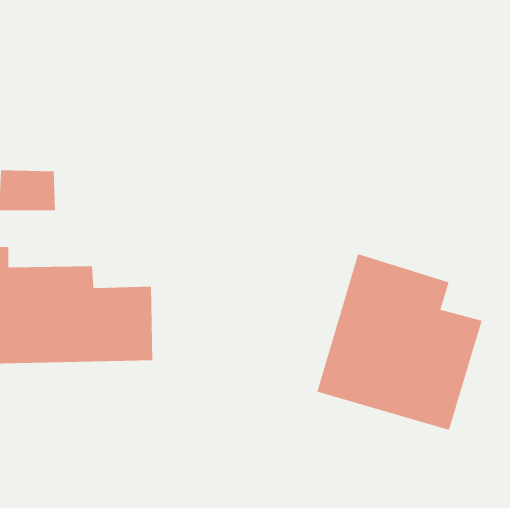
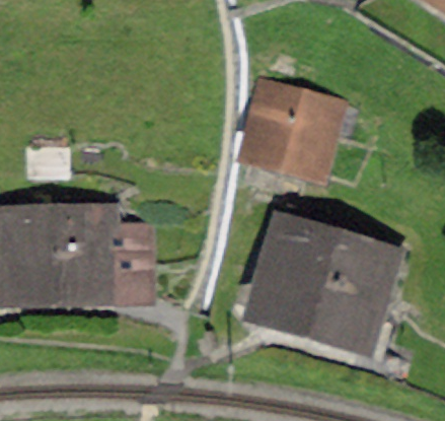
building: none -> [263,89,338,179]

